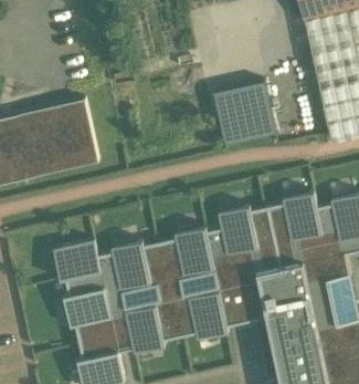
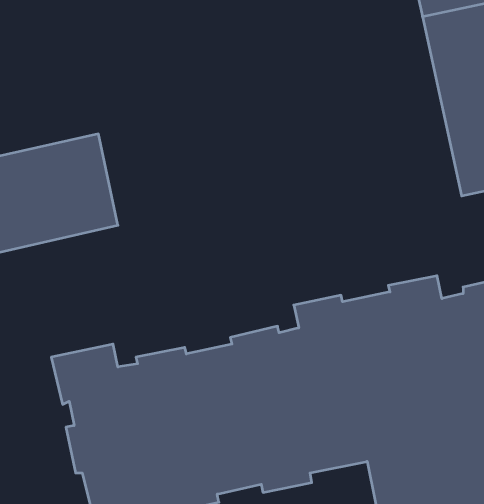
building: [218,80,281,141] -> none

